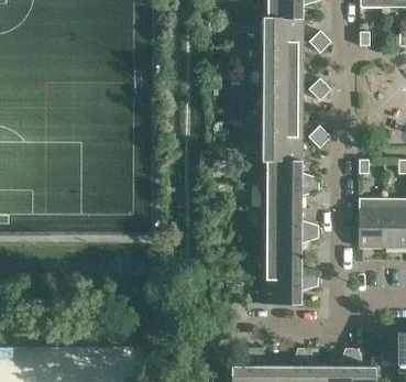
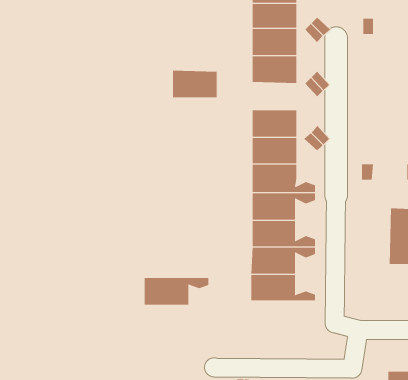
building: [263,87,303,111] -> [172,70,217,98]
building: [359,197,384,247] -> none
building: [262,279,319,303] -> [144,277,209,305]

